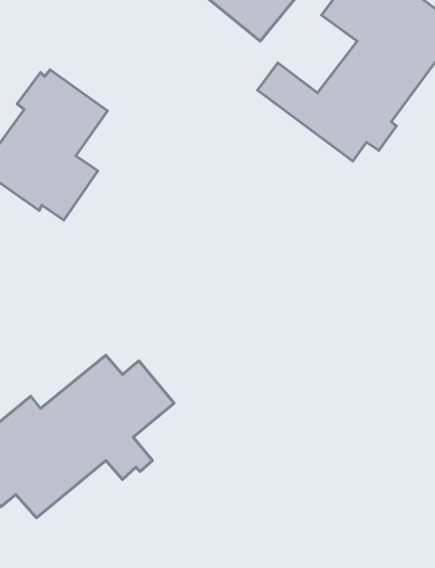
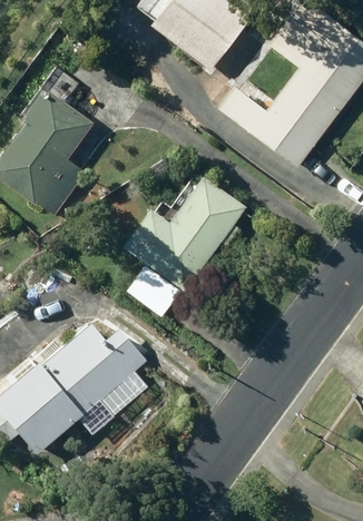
building: none -> [119,177,246,317]

